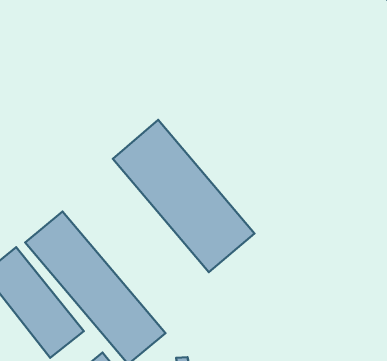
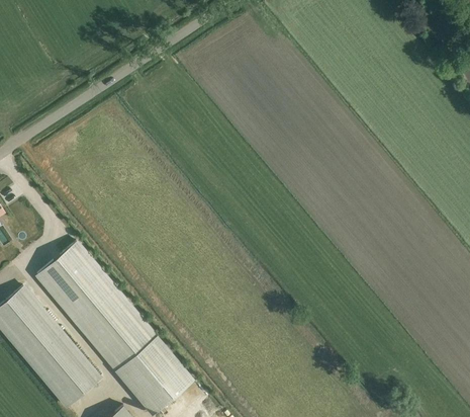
building: [113,120,254,272] -> none

